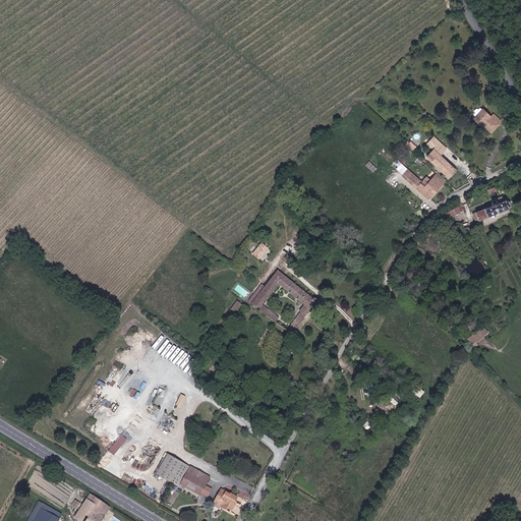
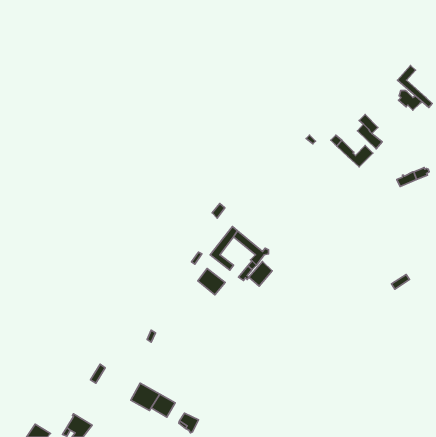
building: none -> [397,65,432,108]
building: none -> [249,261,272,286]
building: none -> [198,268,225,295]

